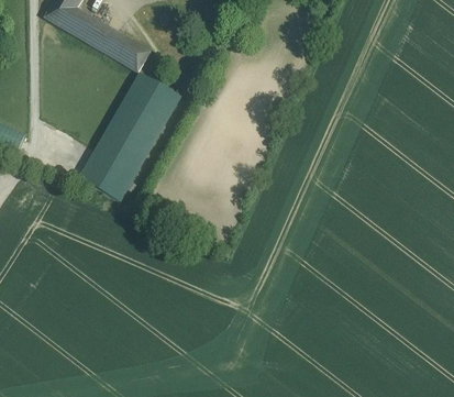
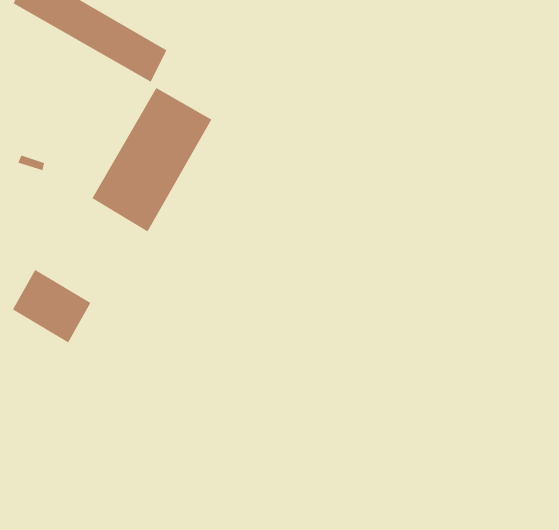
building: [81,151,135,201] -> [12,269,91,343]

